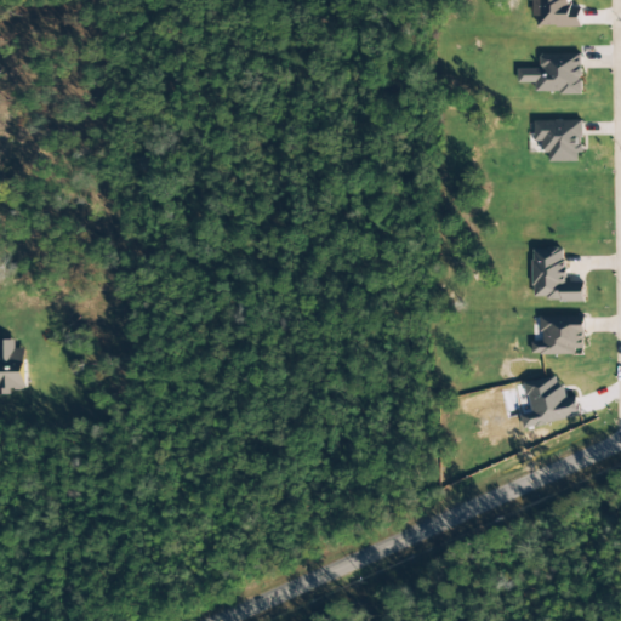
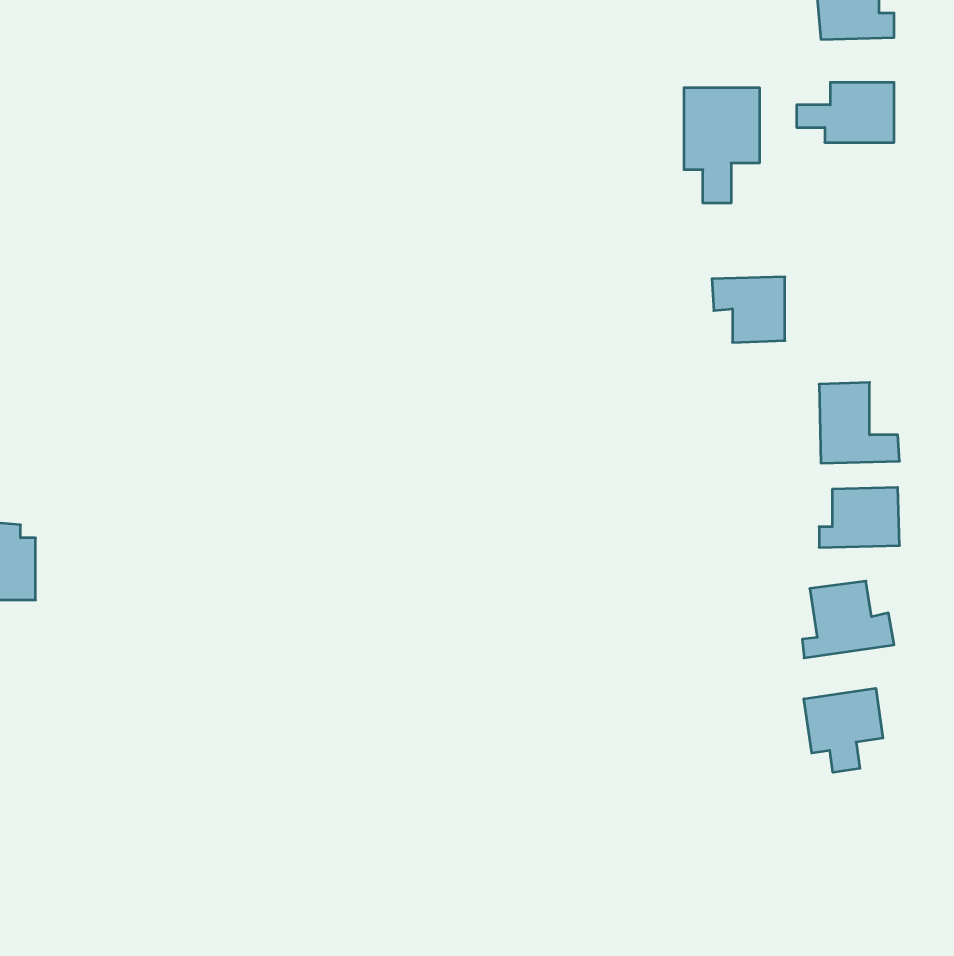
building: none -> [684,88,759,203]
building: [531,119,579,161] -> [712,277,785,342]
building: none -> [804,688,883,772]

